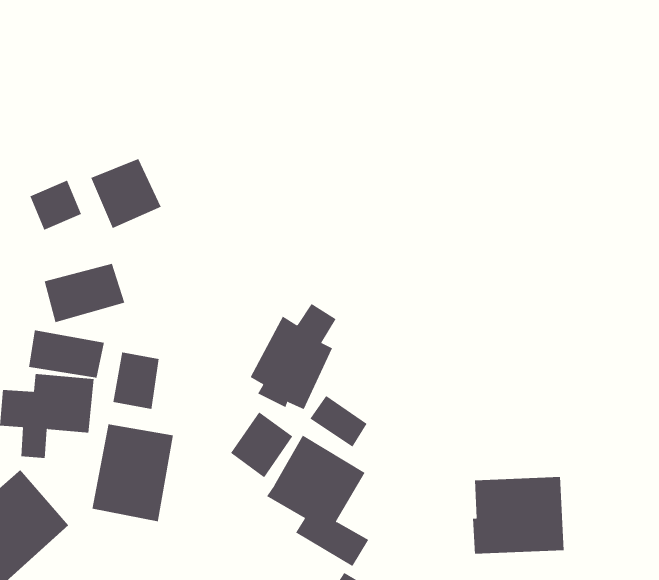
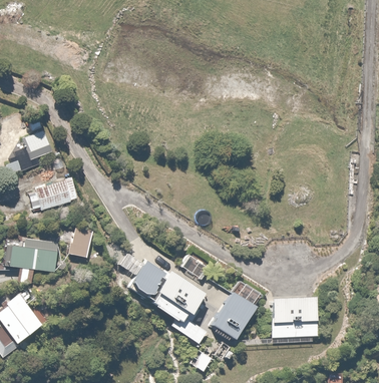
building: [91,158,161,229] -> none
building: [250,303,337,410] -> [211,283,259,342]
building: [29,330,105,378] -> none
building: [92,423,174,522] -> none

